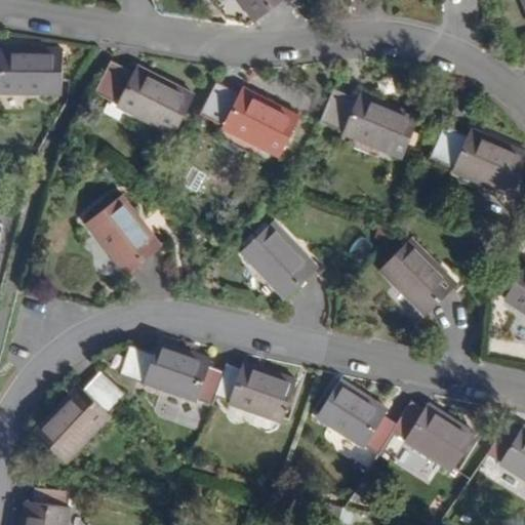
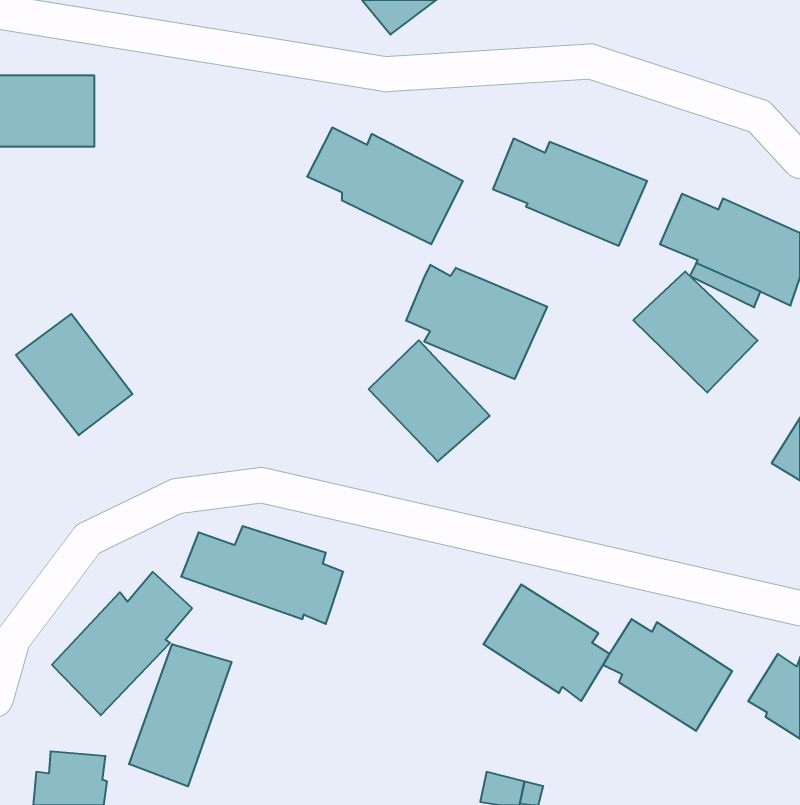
building: [95,62,195,136] -> none
building: none -> [406,265,547,379]
building: [86,197,162,276] -> [16,314,132,435]
building: [377,240,458,319] -> [633,271,758,393]
building: [215,364,297,426] -> none
building: none -> [129,644,232,786]

